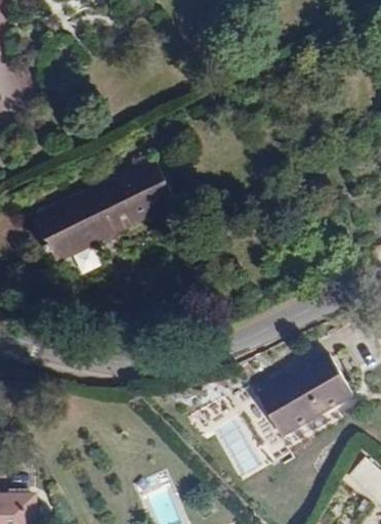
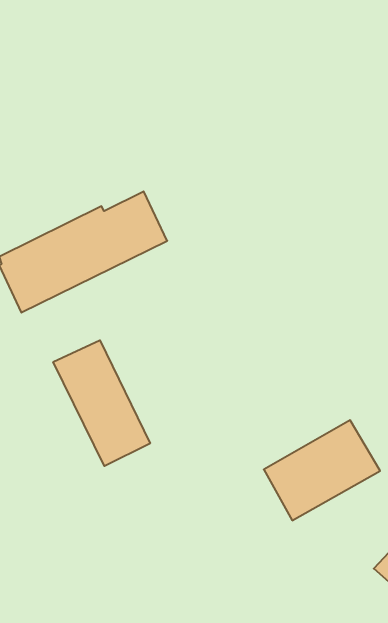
building: none -> [53,340,150,466]

